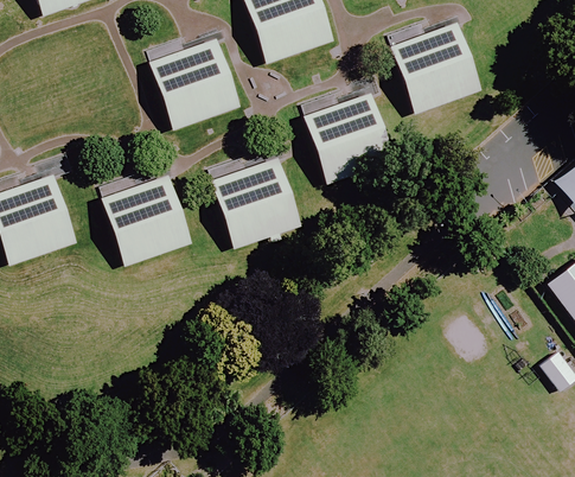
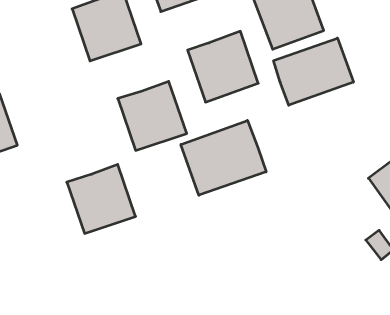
building: none -> [274,38,353,105]
building: [101,172,192,263] -> [67,164,136,233]
building: none -> [181,120,266,195]

